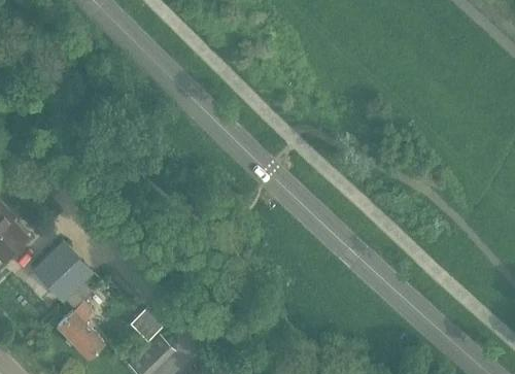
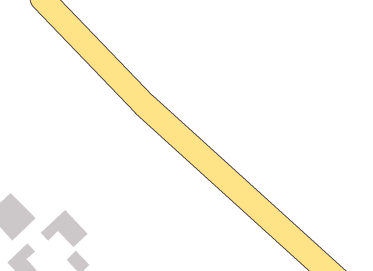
building: none -> [40,209,88,248]

